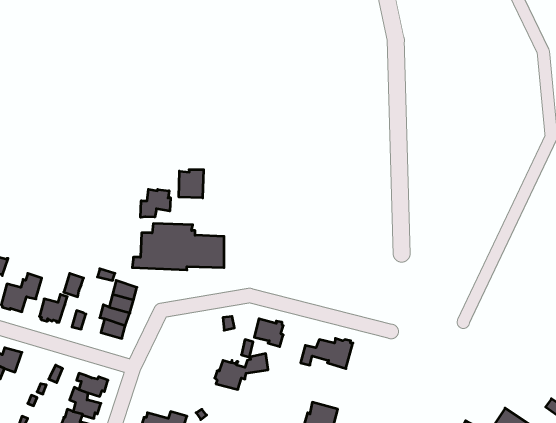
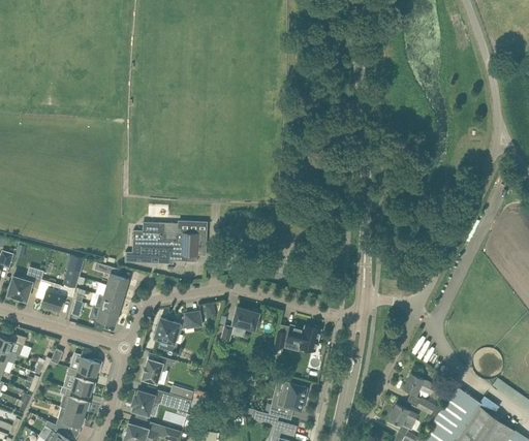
building: [179,170,204,198] -> none
building: [141,189,170,217] -> none
building: [215,354,268,389] -> [153,312,200,344]
building: none -> [142,356,173,384]
building: none -> [403,374,434,396]

